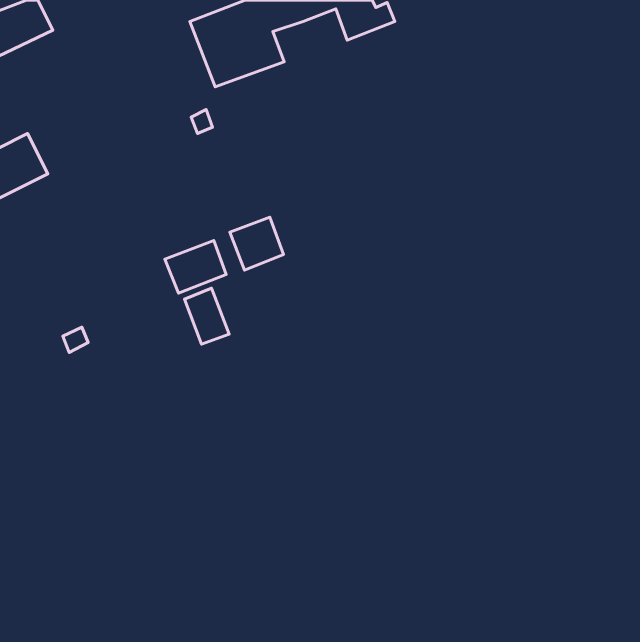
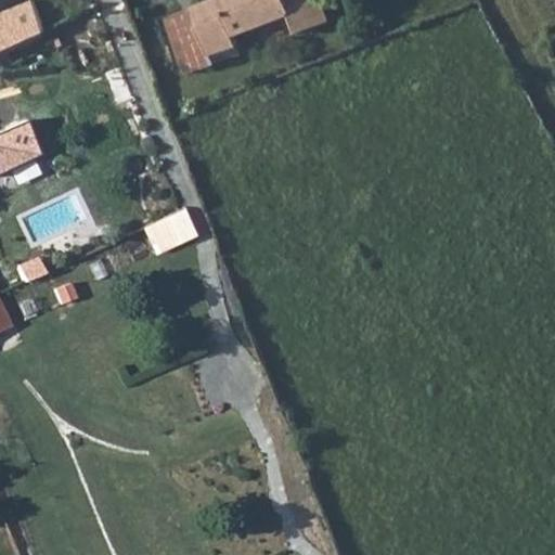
building: [230,217,284,270] -> none
building: [184,288,229,344] -> none

